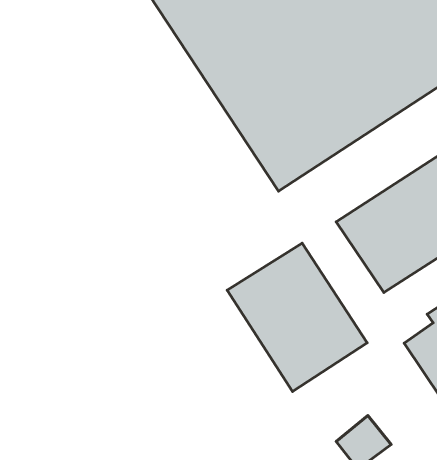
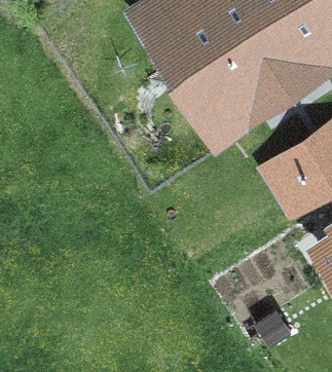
building: [227,243,367,391] -> none

